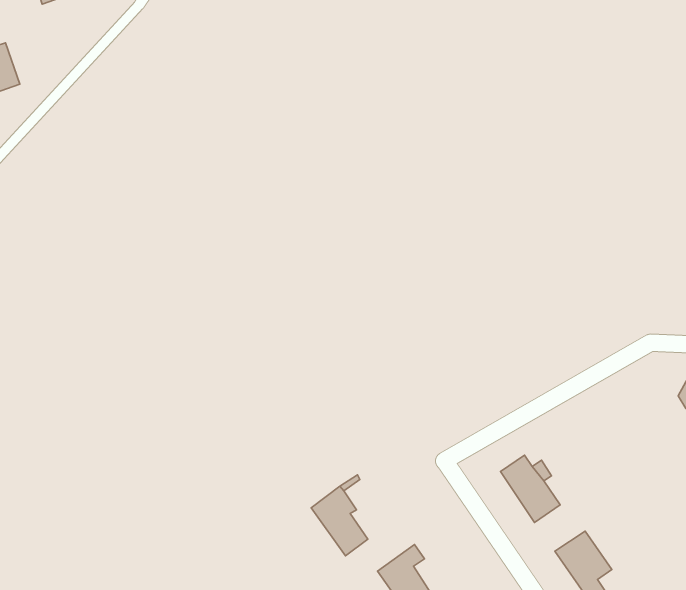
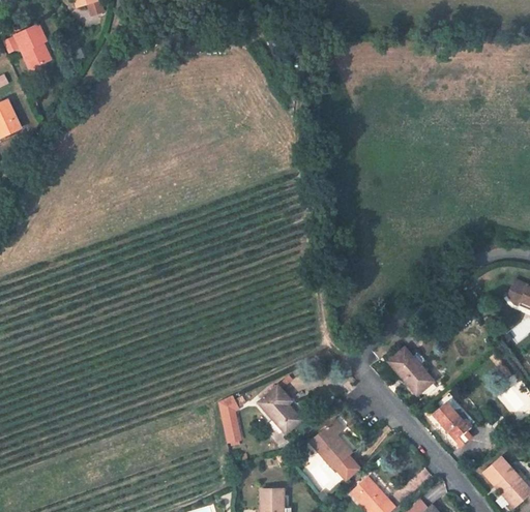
building: none -> [216,395,245,445]

